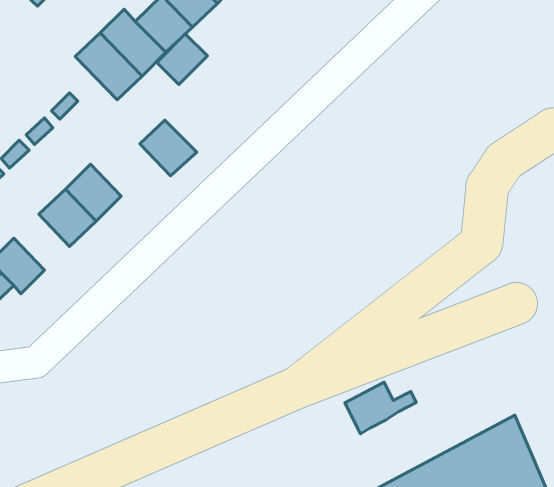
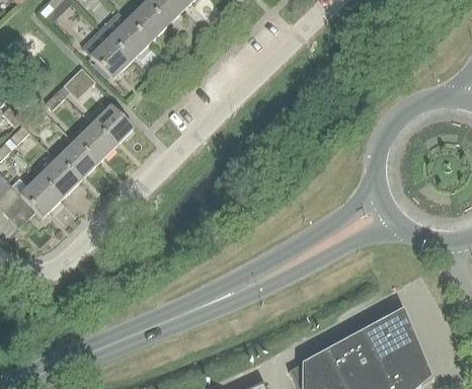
building: [157,34,207,84] -> none
building: [140,120,197,176] -> [93,106,135,147]
building: none -> [37,160,78,201]
building: [345,382,416,434] -> none

